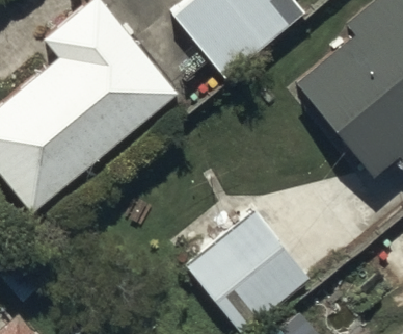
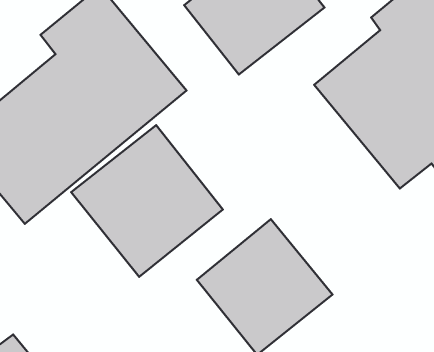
building: none -> [71,125,223,277]

